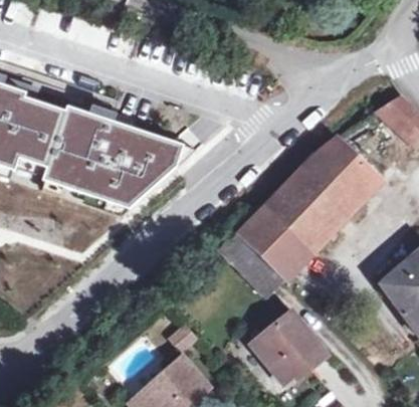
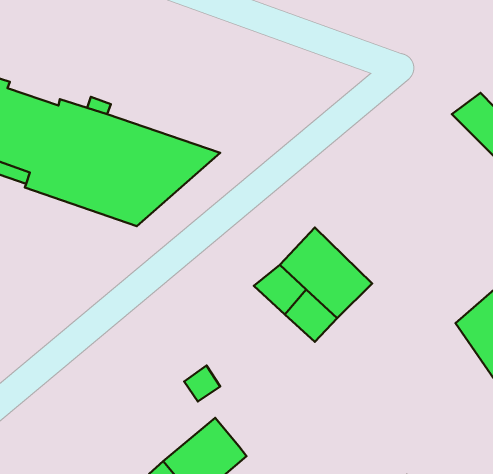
building: [267,142,380,251] -> none
building: [255,315,328,381] -> none

